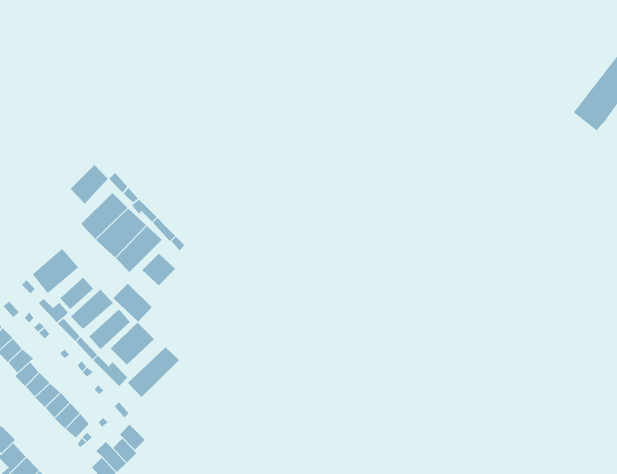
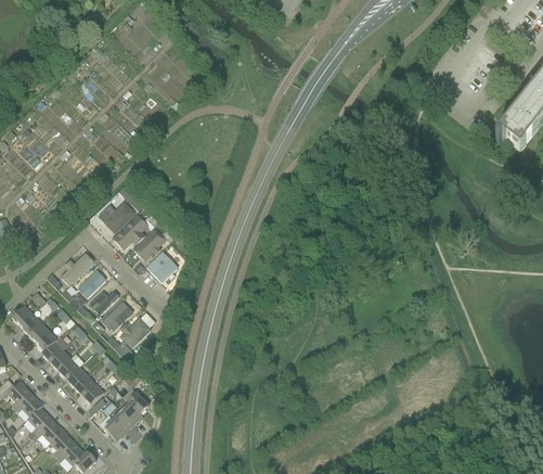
building: [70,164,108,205] -> none
building: [113,283,152,322] -> none
building: [127,346,180,398] -> none

